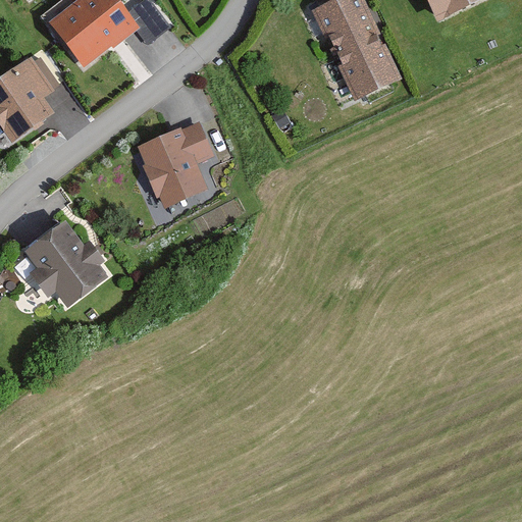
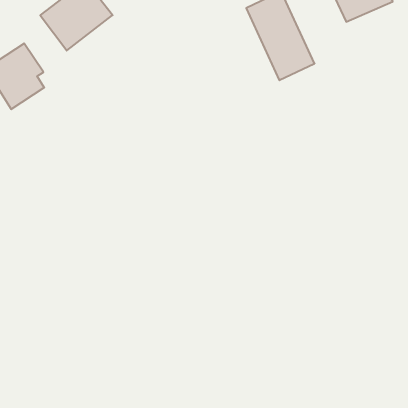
building: [137,118,210,203] -> none
building: [28,221,107,307] -> none

